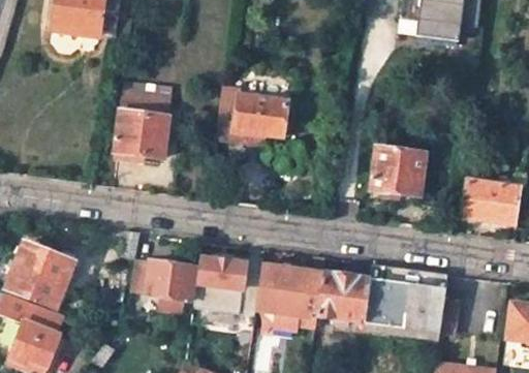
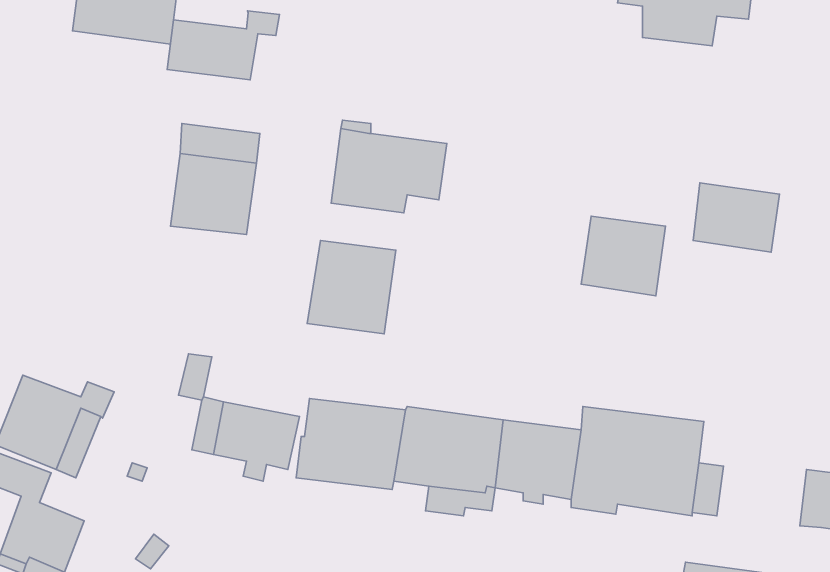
building: none -> [167,11,280,80]
building: none -> [307,240,396,334]
building: [464,180,518,223] -> [693,183,779,252]

